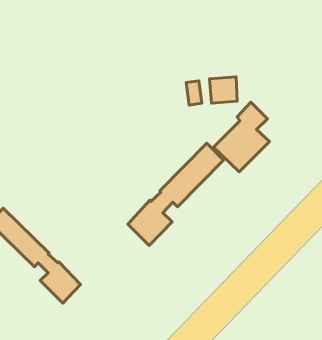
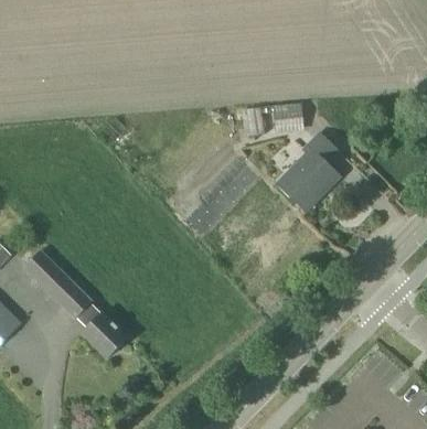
building: [128,143,223,246] -> none

